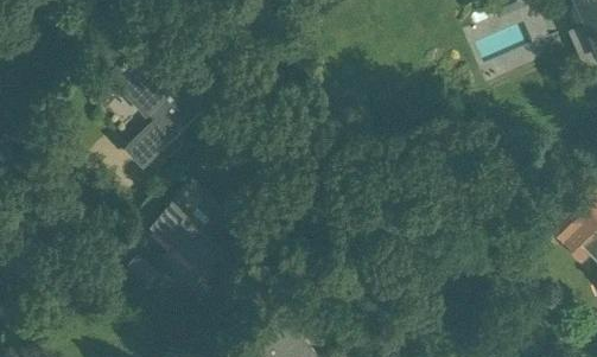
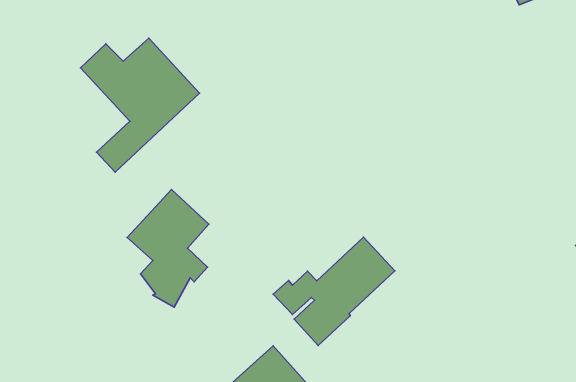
building: none -> [273,237,395,346]

